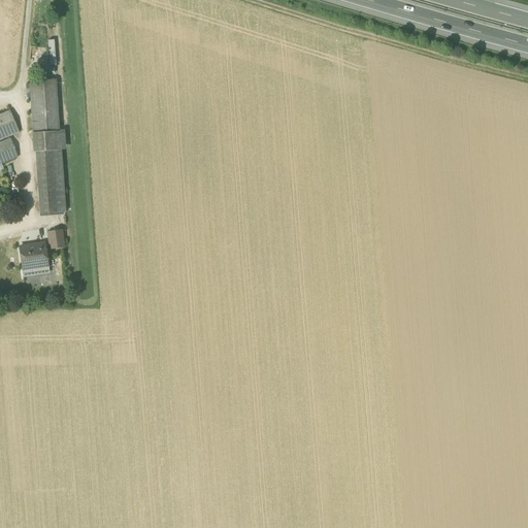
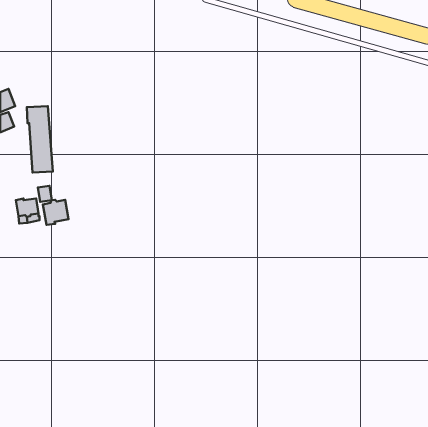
building: [29,78,59,132] -> none
building: none -> [43,200,68,225]

